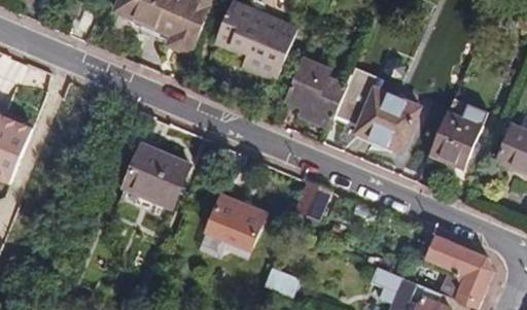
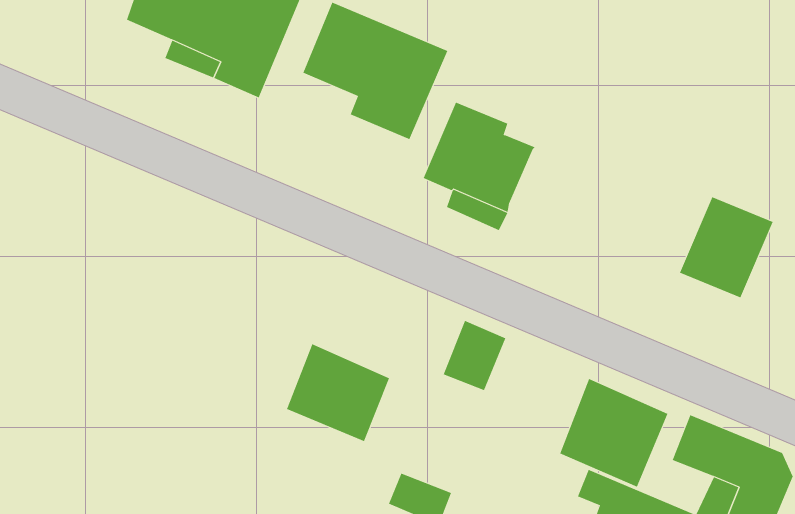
building: [333,69,418,151] -> none
building: [122,144,190,209] -> none
building: none -> [559,378,668,488]

